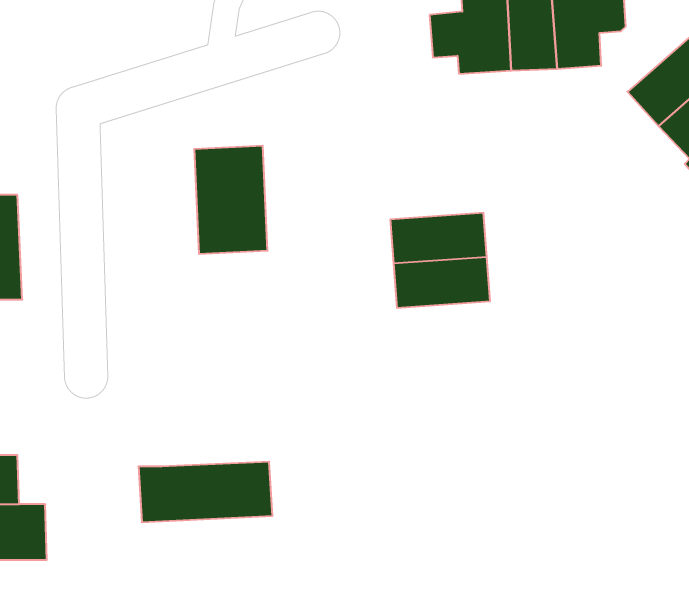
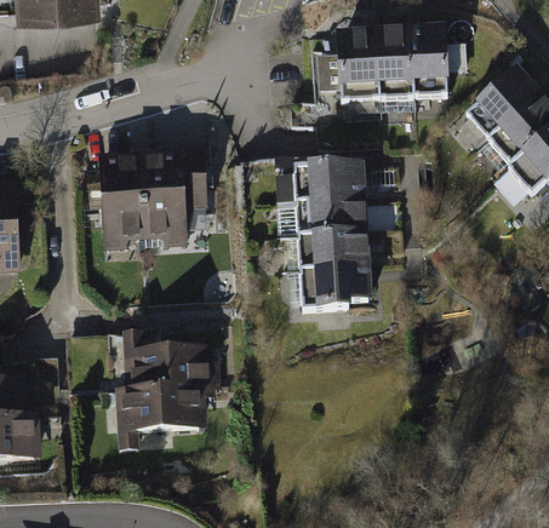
building: none -> [95,155,150,235]
building: none -> [290,170,361,207]
building: none -> [297,268,368,304]
building: none -> [119,331,223,390]

